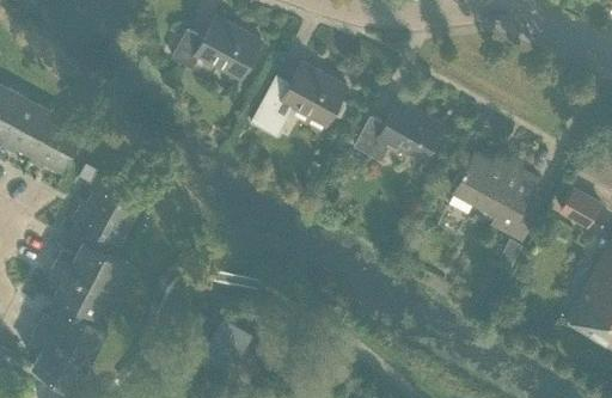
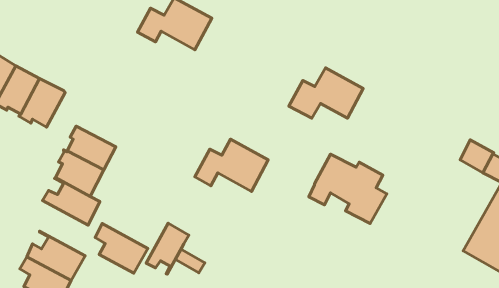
building: [259,66,348,129] -> [195,139,268,192]
building: [449,157,544,240] -> [309,154,387,224]
building: [49,264,112,324] -> [95,224,148,273]
building: none -> [146,223,189,274]

